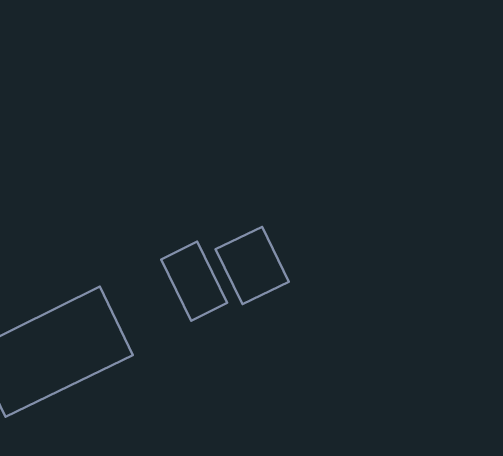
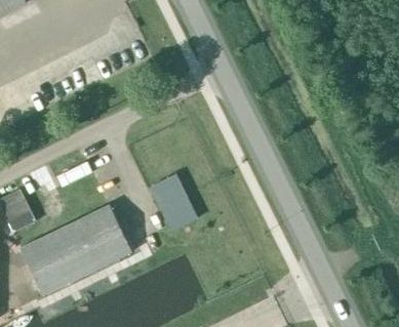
building: [215,227,289,304] -> none

